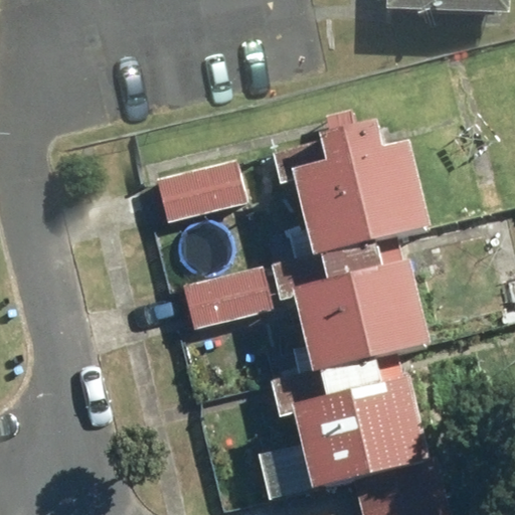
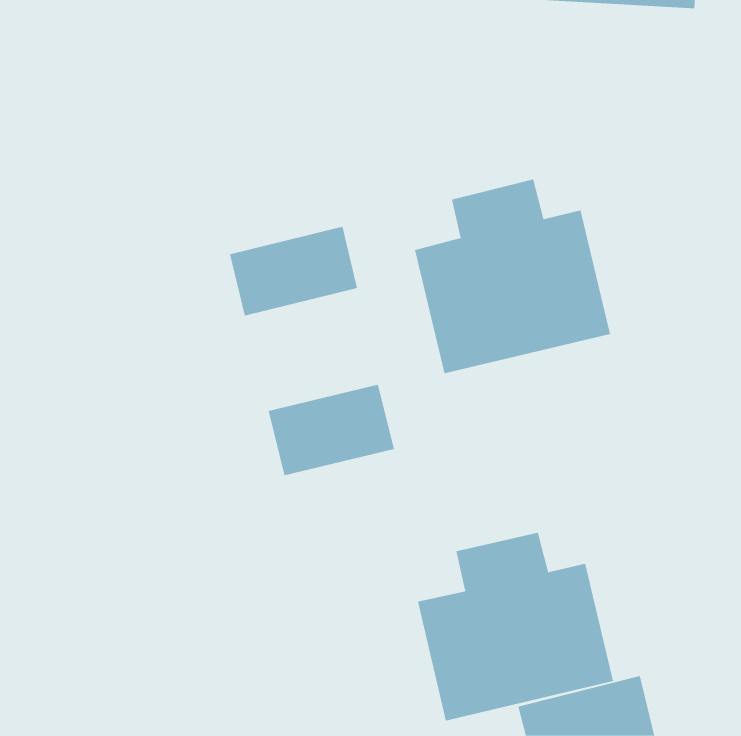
building: [293,245,426,374] -> none

